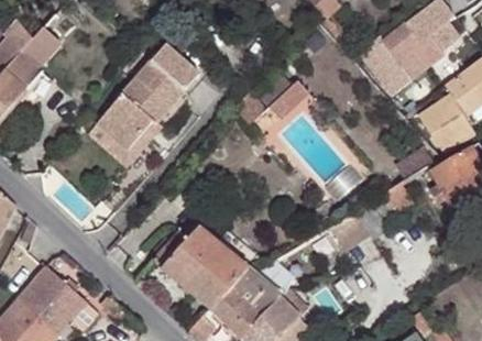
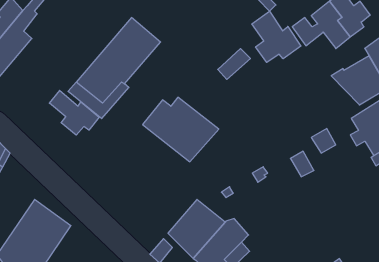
building: none -> [252,11,301,62]
building: none -> [49,90,99,135]
building: [152,226,244,304] -> [143,97,219,162]

